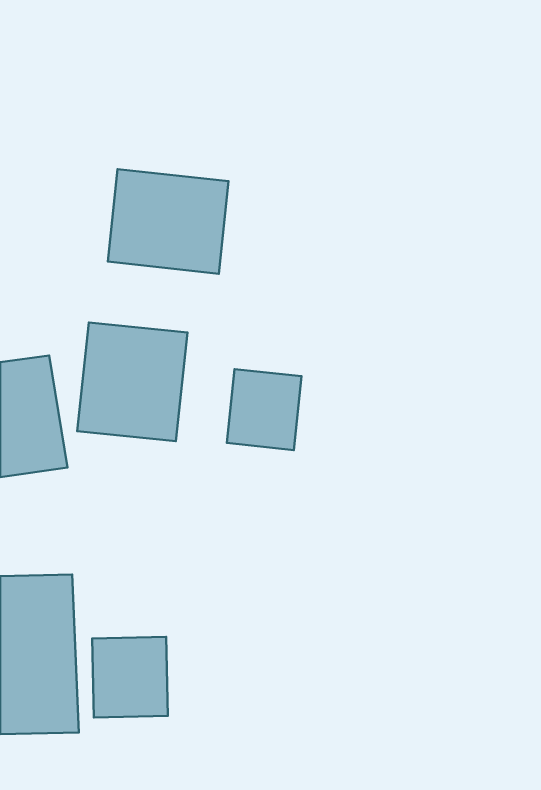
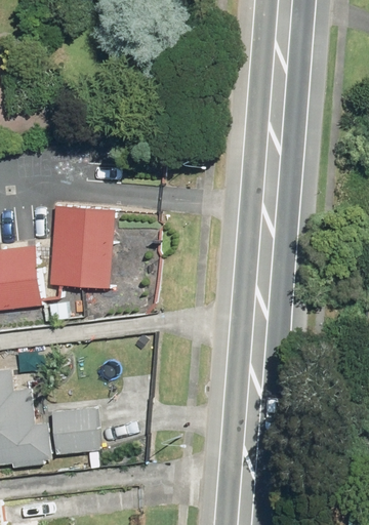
building: [108,169,229,274] -> none
building: [227,369,302,450] -> none

